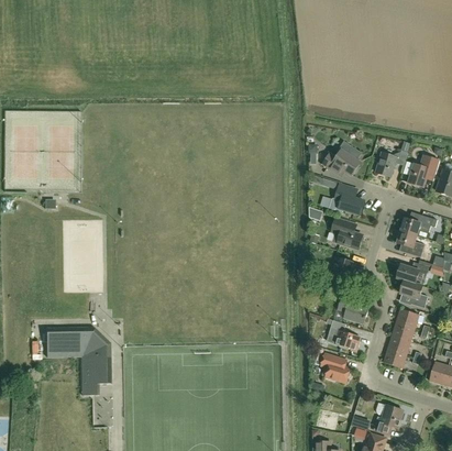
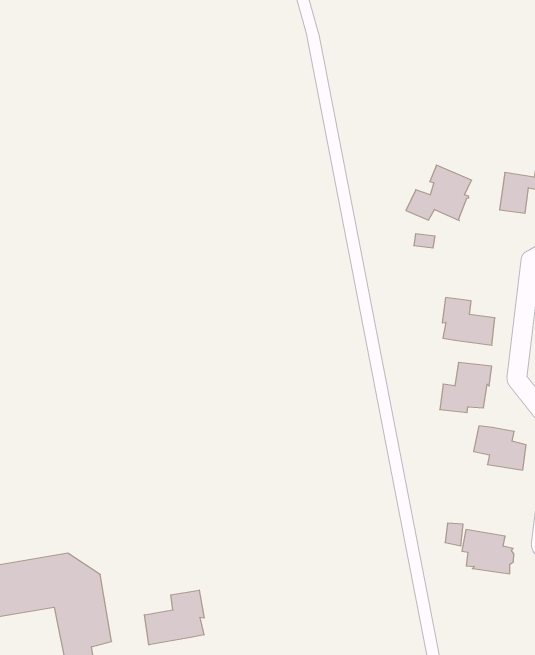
building: [329,184,364,215] -> none
building: [326,318,360,350] -> none
building: none -> [144,590,204,645]

